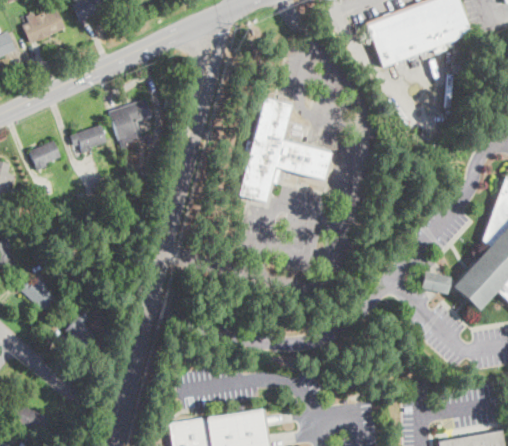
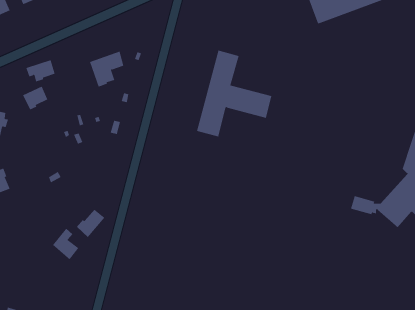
building: [71,125,107,152] -> [25,60,55,82]
building: [20,278,55,309] -> none
building: none -> [76,209,105,238]

